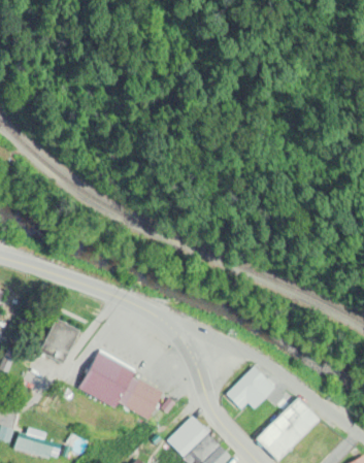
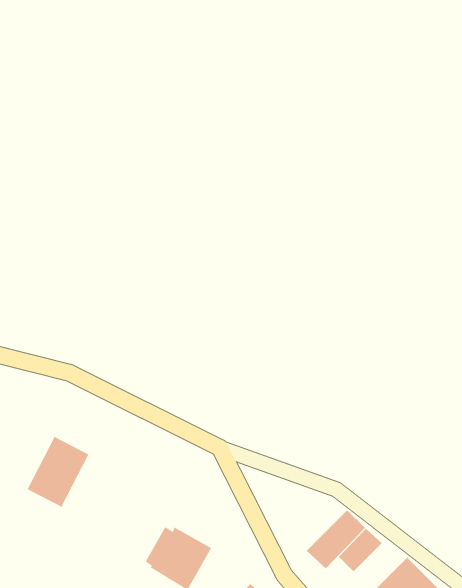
building: [77,350,134,408] -> none

